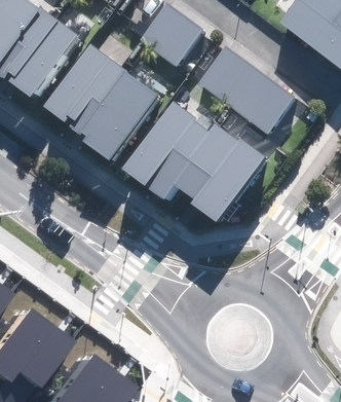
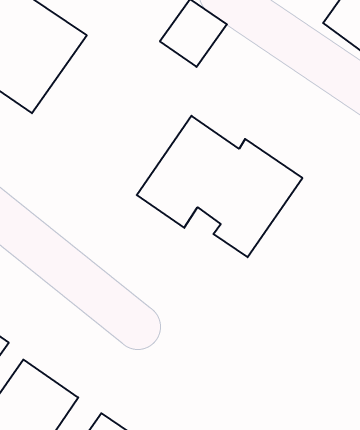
building: [44,46,152,153] -> none
building: [199,46,296,135] -> none

